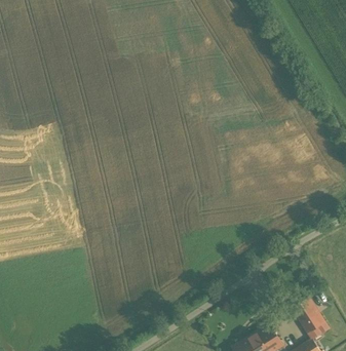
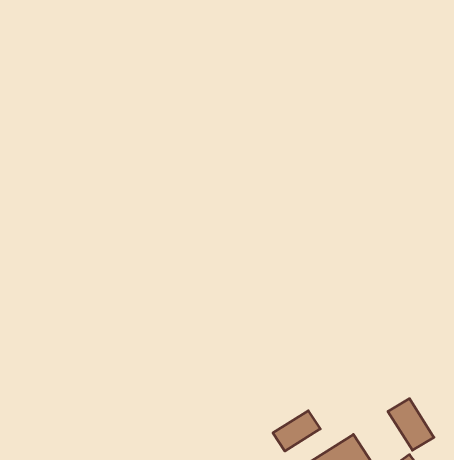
building: none -> [273,411,320,451]

